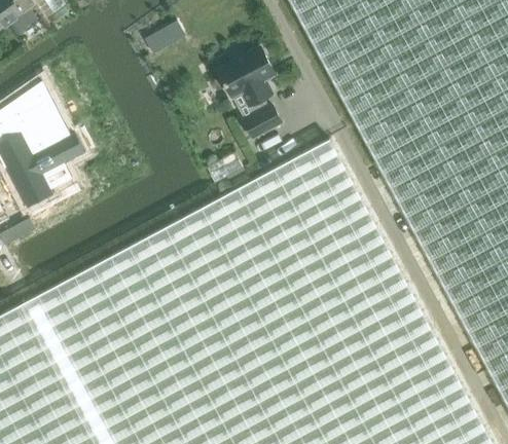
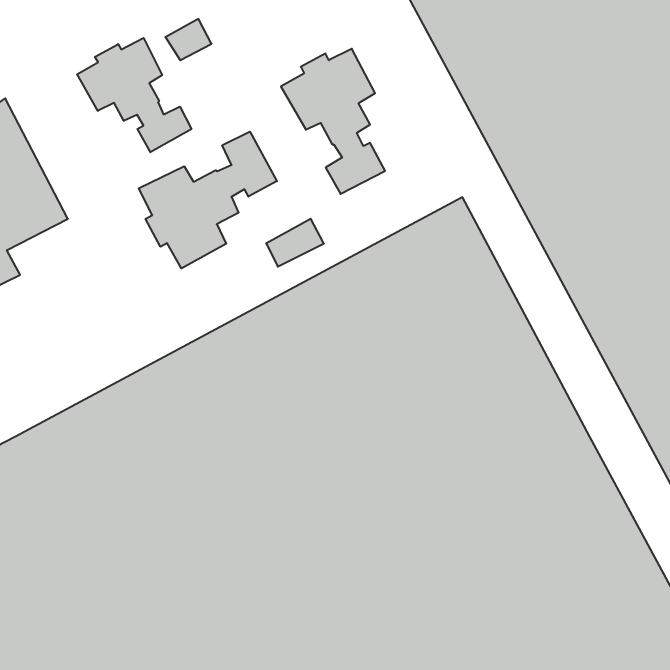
building: none -> [77,38,191,152]
building: none -> [139,132,277,268]

